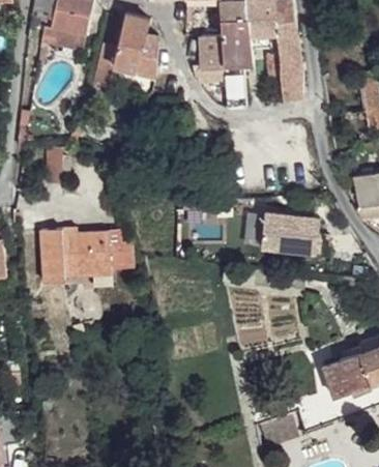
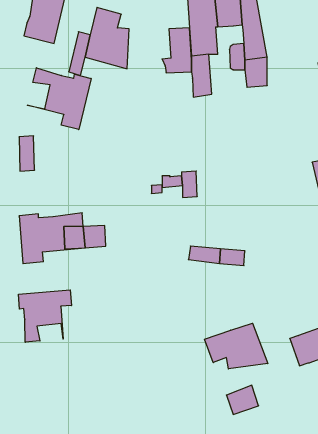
building: none -> [27,68,91,130]
building: [265,209,333,251] -> none
building: none -> [19,290,71,342]
building: none -> [204,323,268,369]

